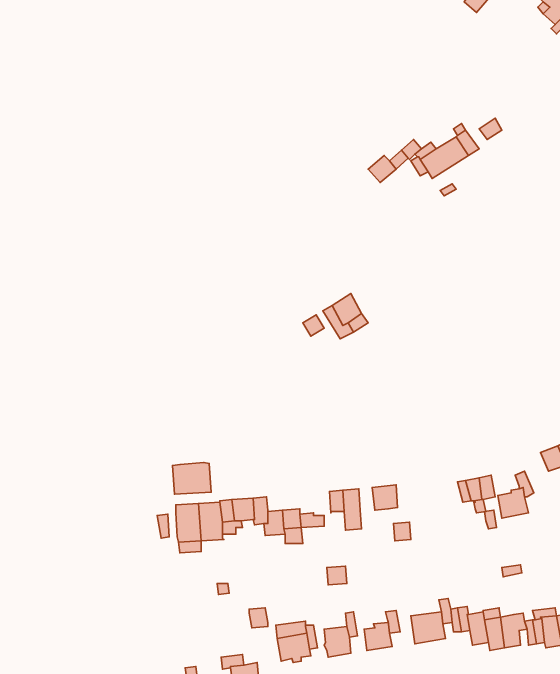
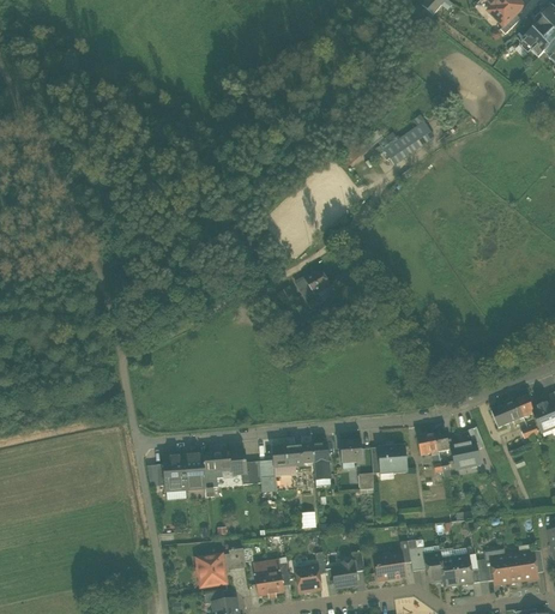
building: [172,463,211,494] -> none
building: none -> [273,444,303,465]
building: none -> [378,444,406,471]
building: none -> [197,554,227,586]

